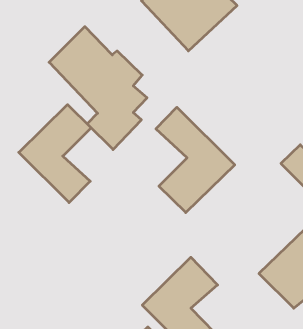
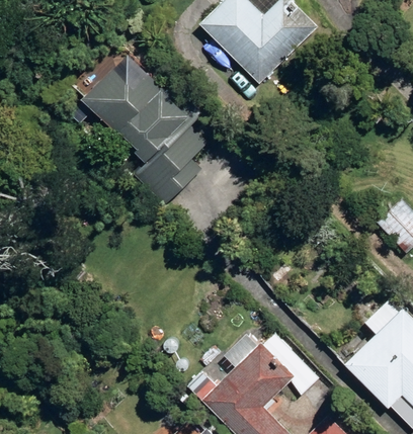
building: [19,105,91,203] -> none
building: [156,107,235,213] -> none

